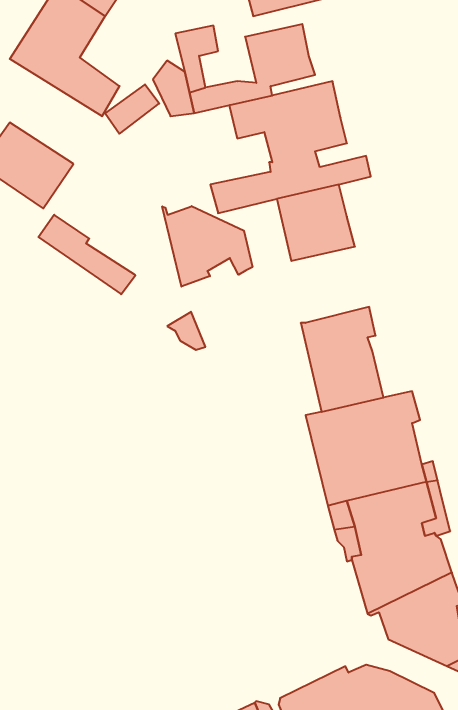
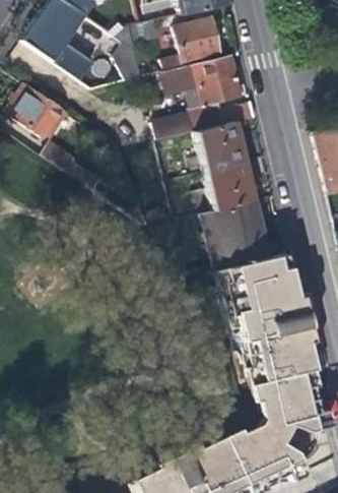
building: [162,206,252,287] -> none
building: none -> [205,162,255,210]

